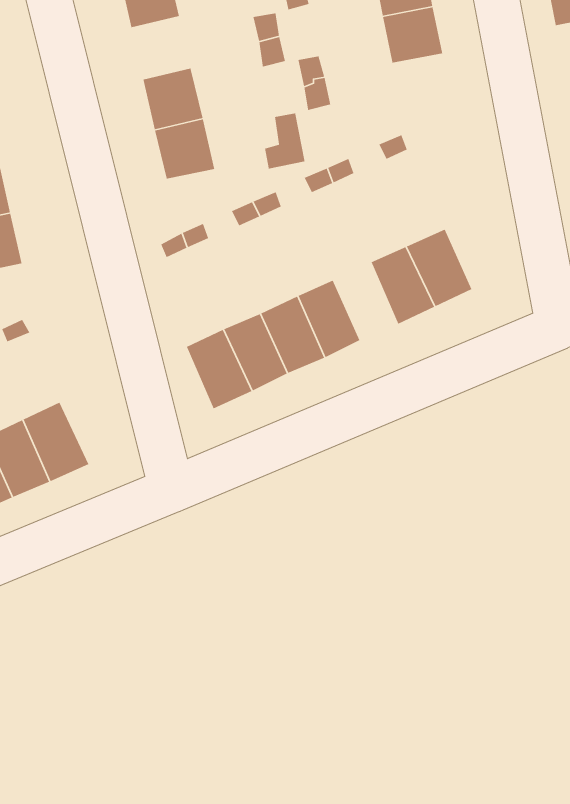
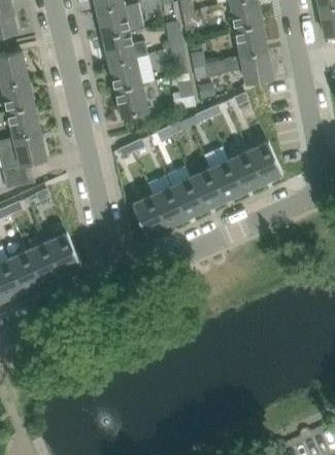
building: none -> [103,30,147,63]
building: none -> [225,49,272,83]
building: none -> [209,159,243,200]

